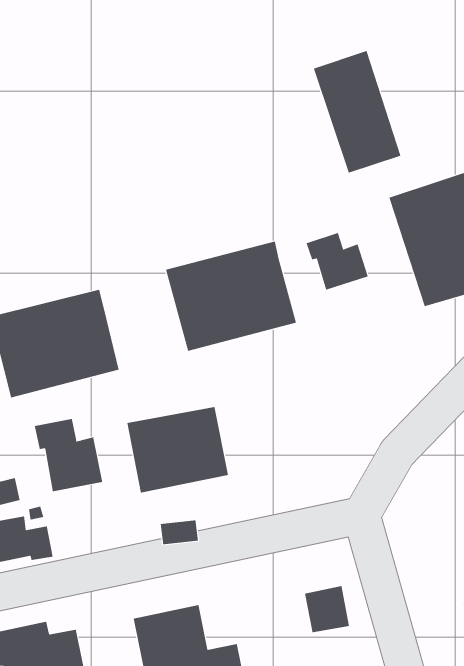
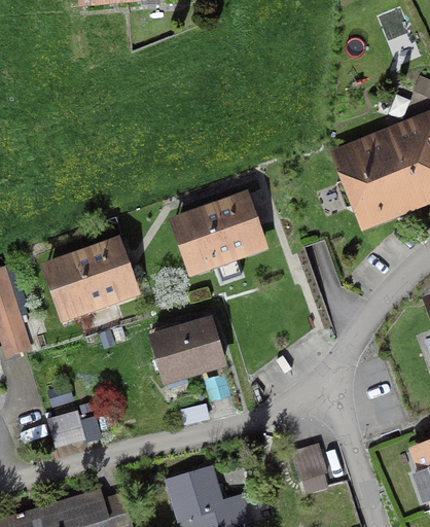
building: [313,50,401,173] -> none
building: [306,232,369,291] -> none
building: [34,418,103,492] -> none

